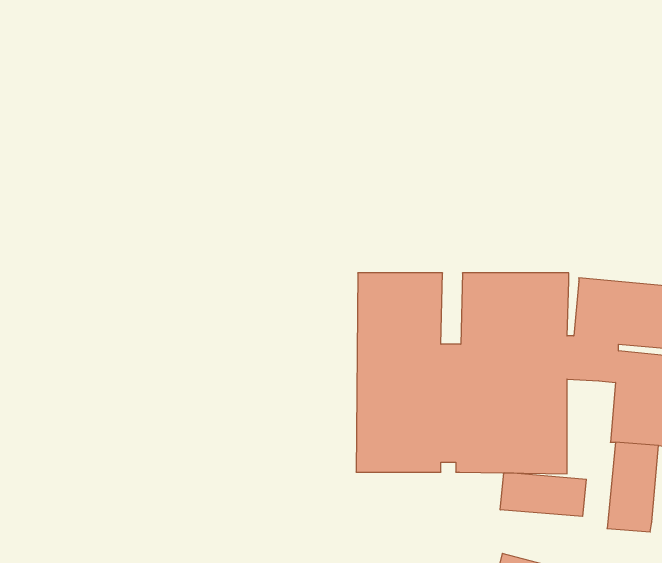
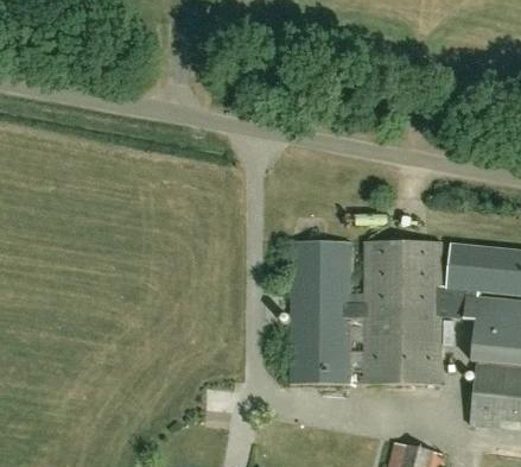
building: [500,473,586,516] -> none

